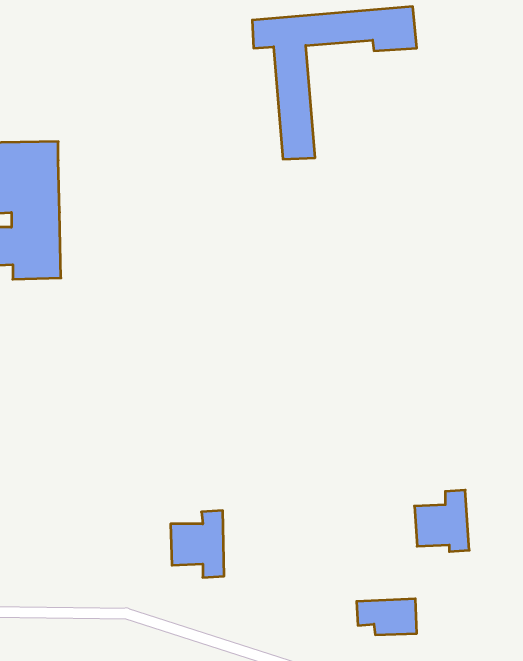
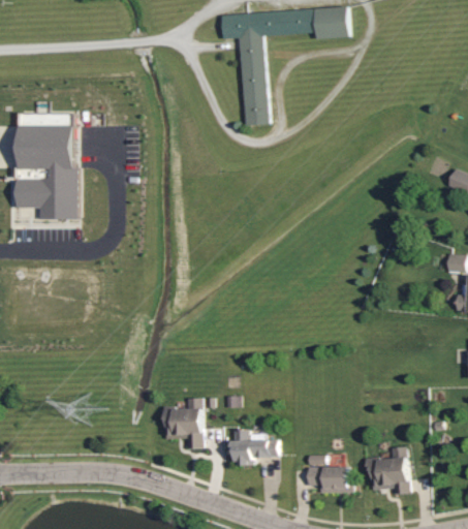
building: [414,490,469,552] -> [365,445,407,493]
building: none -> [229,429,277,465]

